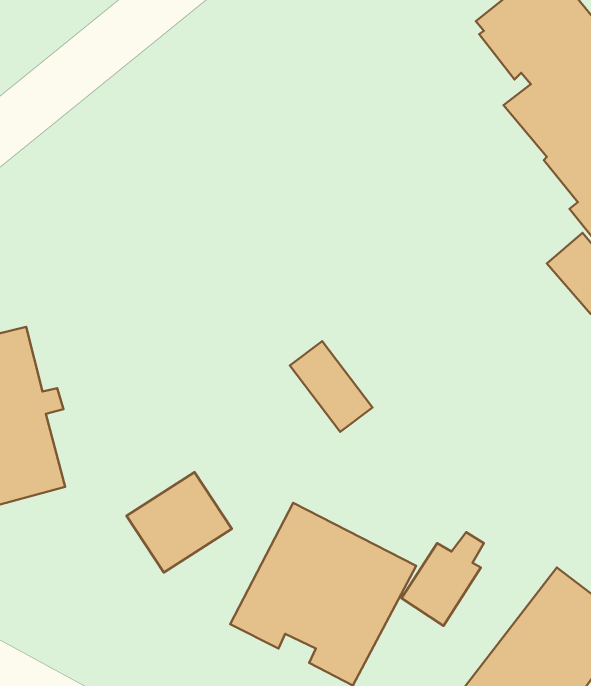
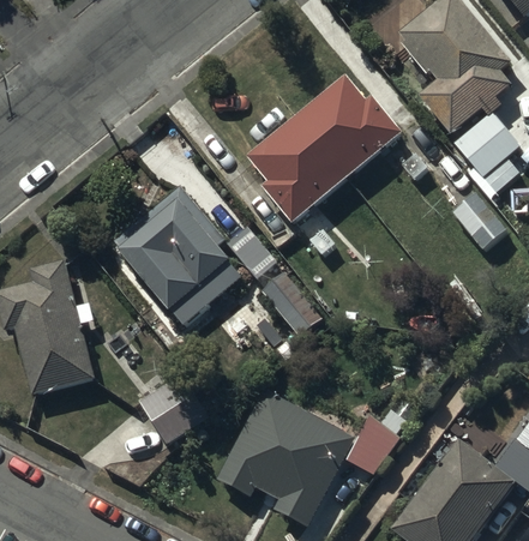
building: none -> [245,72,402,257]
building: none -> [114,184,245,326]

